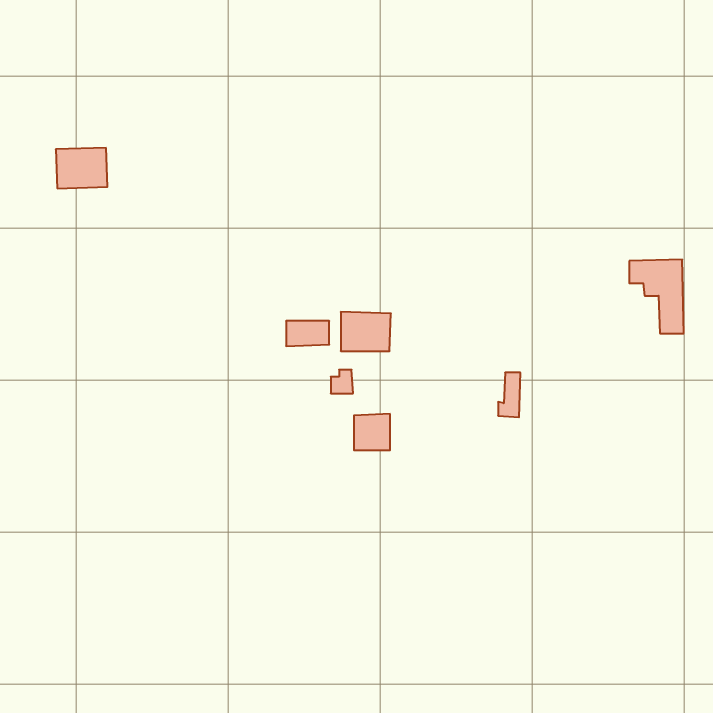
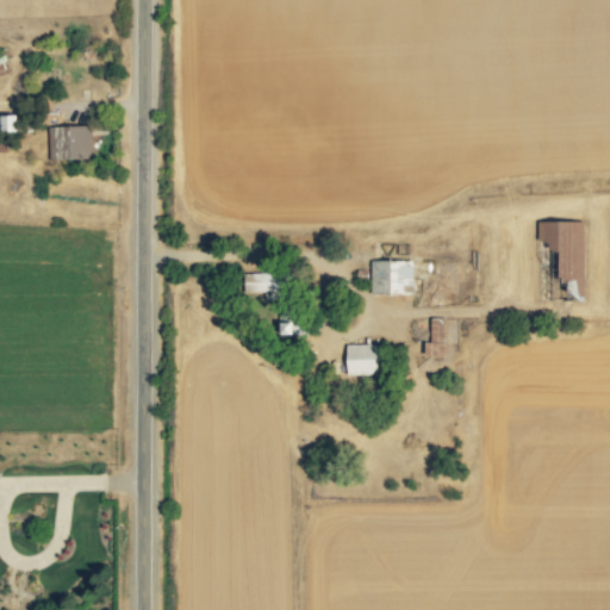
building: [341,312,391,351] -> [371,261,413,294]
building: [354,414,390,450] -> [347,344,378,375]

